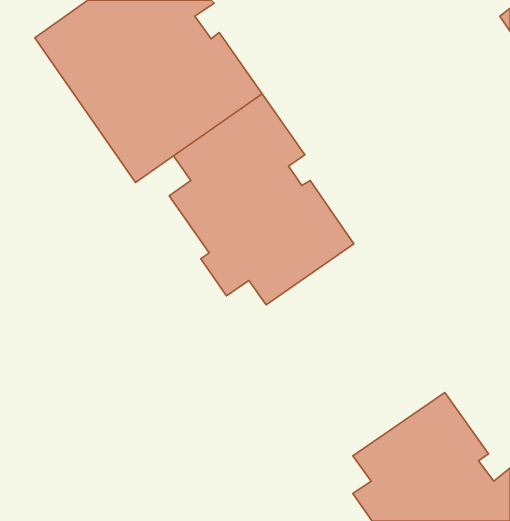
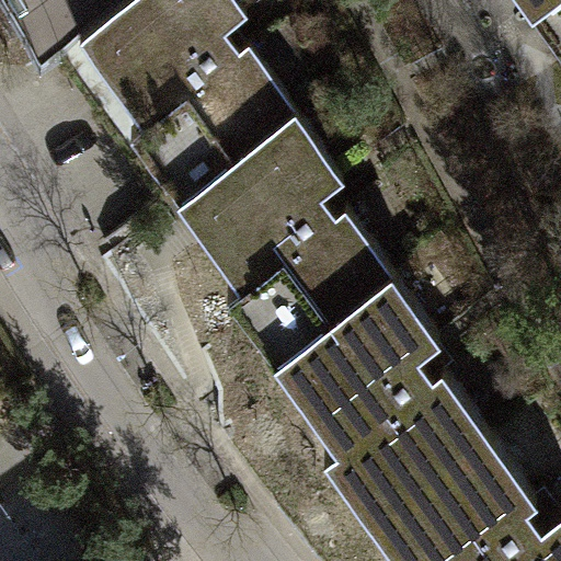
building: none -> [283,262,478,490]

